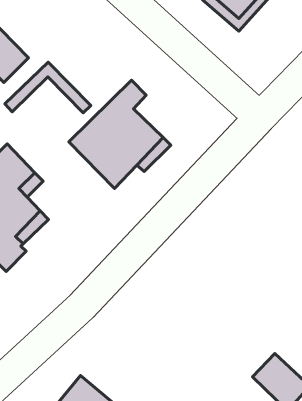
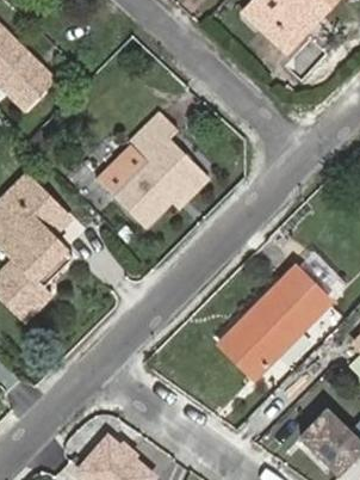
building: [5,62,91,113] -> none
building: none -> [223,261,333,371]

